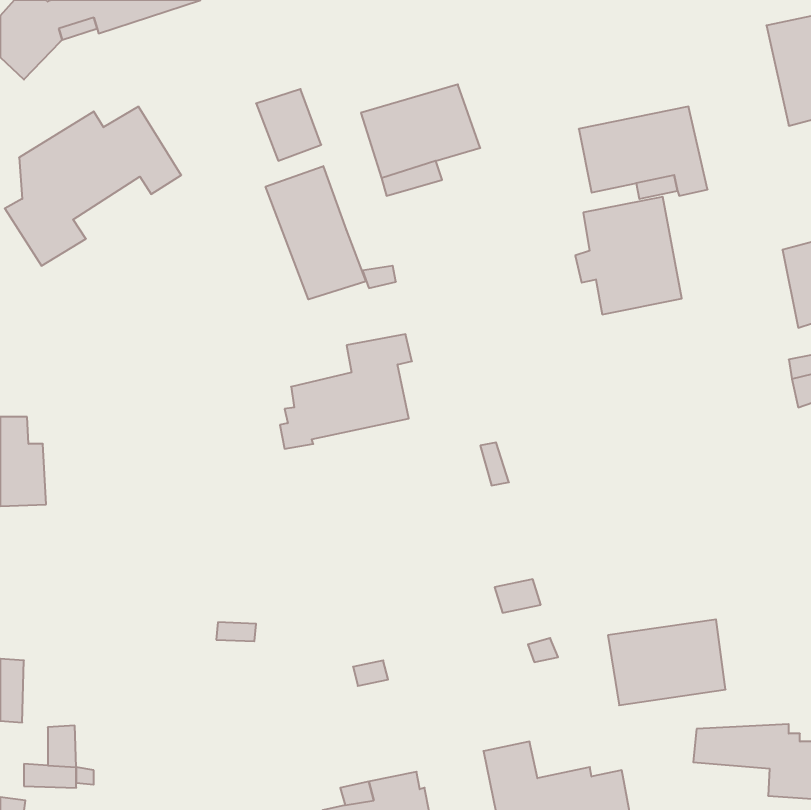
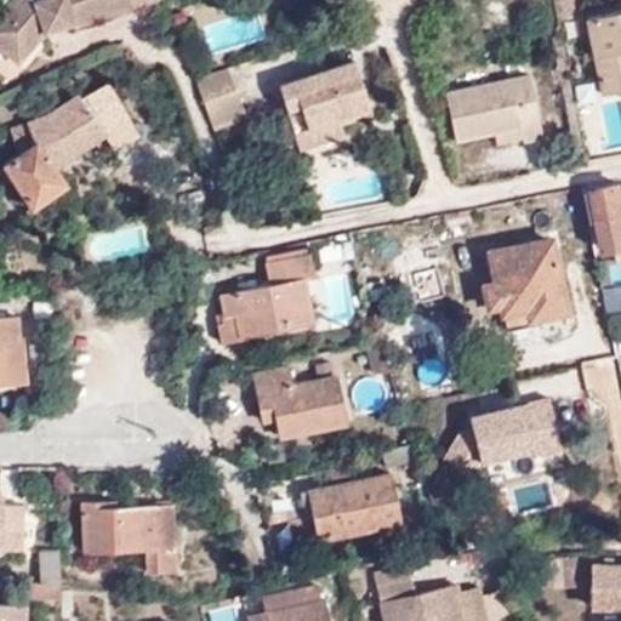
building: [266,166,366,299] -> none
building: [575,197,682,314] -> [486,241,568,331]
building: none -> [255,366,347,440]
building: none -> [307,472,400,539]
building: [608,619,726,705] -> [472,397,562,462]
building: none -> [85,503,175,574]

